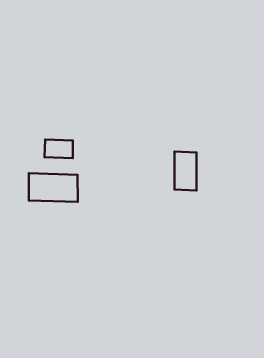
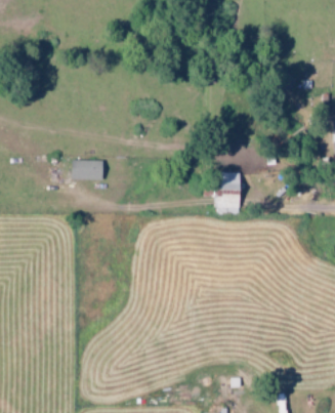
building: [29,173,78,202] -> none

